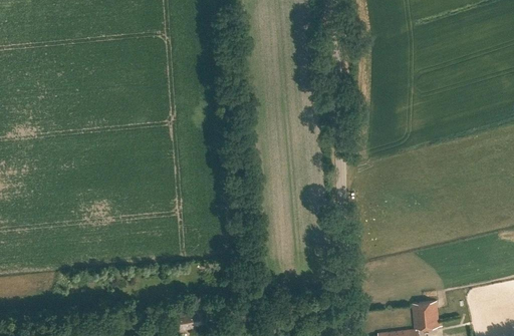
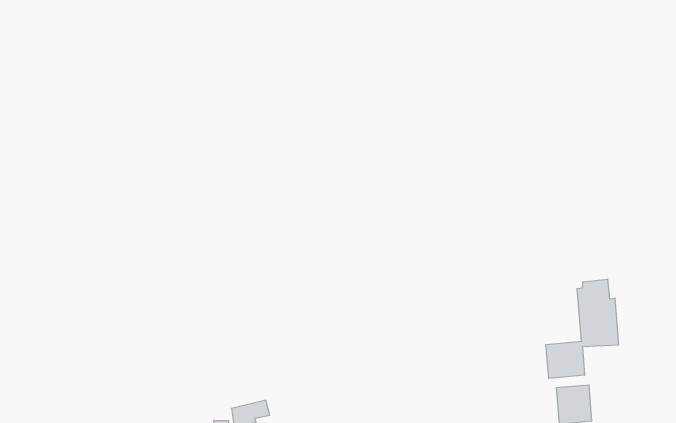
building: none -> [546,279,618,379]

